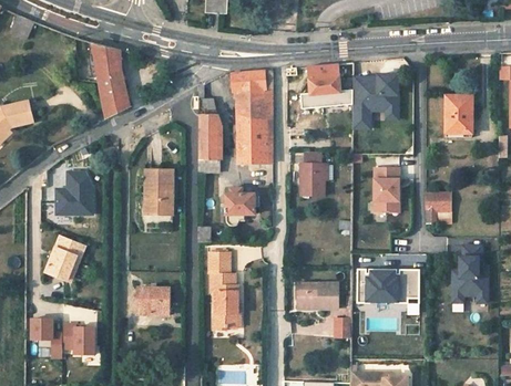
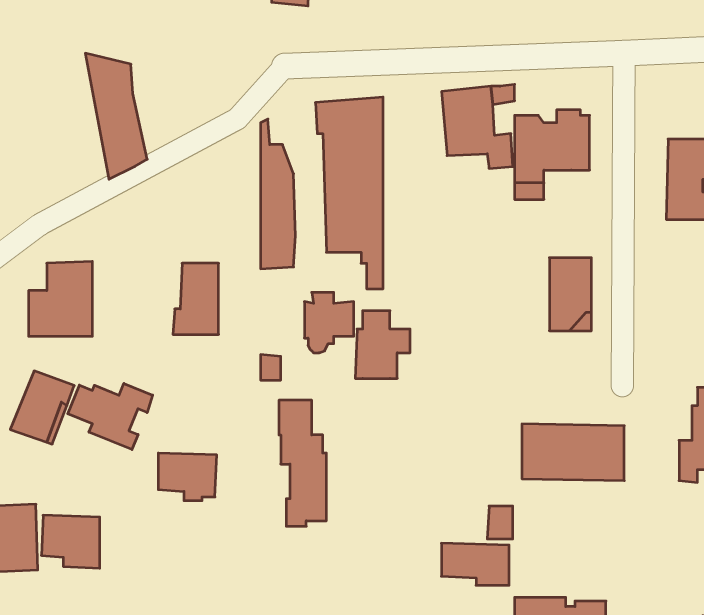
building: [298,154,331,195] -> [355,311,410,378]
building: [425,197,448,227] -> none
building: none -> [68,383,153,450]
building: [297,283,338,309] -> [441,543,509,585]

